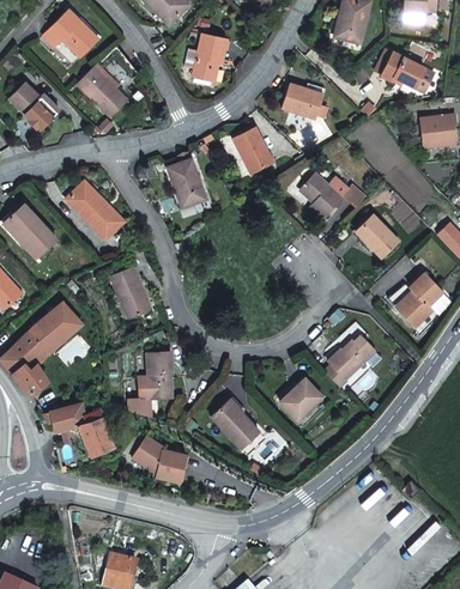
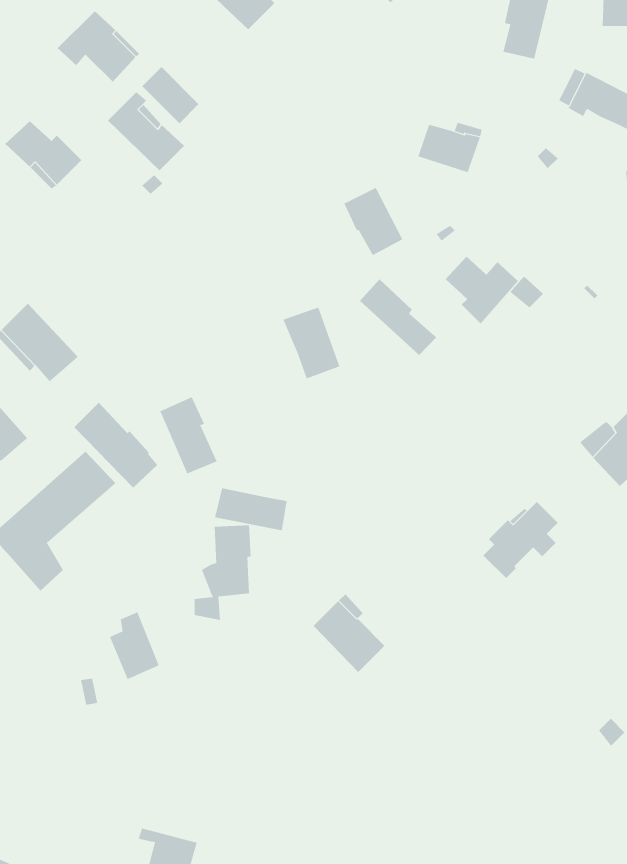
building: [192,34,226,81] -> none
building: [167,160,205,208] -> [283,307,340,379]
building: [66,182,122,239] -> [73,402,158,488]
building: none -> [359,278,437,356]
building: [357,214,398,257] -> none
building: none -> [214,487,287,531]
building: [280,379,322,420] -> none
building: [42,401,85,432] -> none
building: [131,435,186,482] -> none

